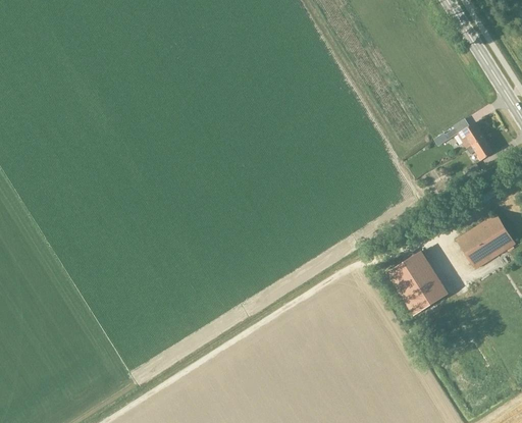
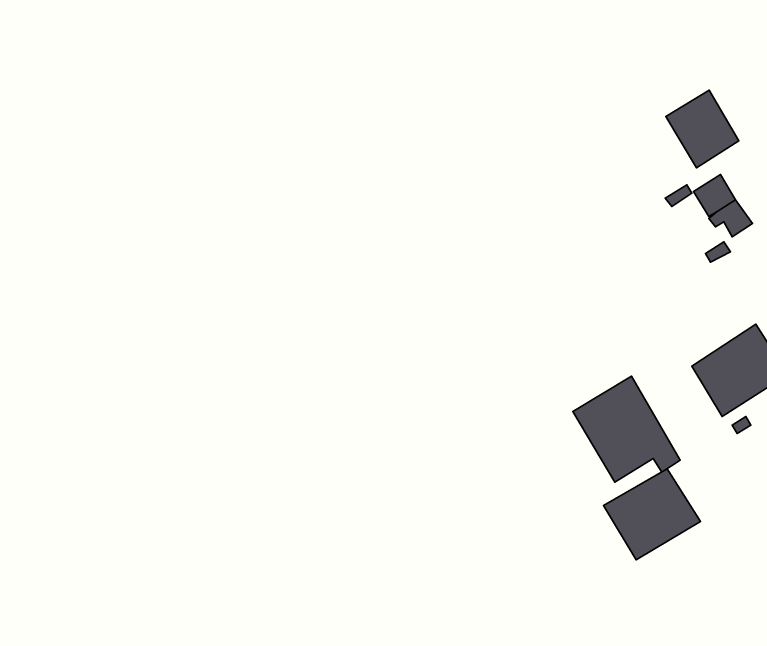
building: none -> [666,90,739,168]
building: none -> [604,469,701,560]

